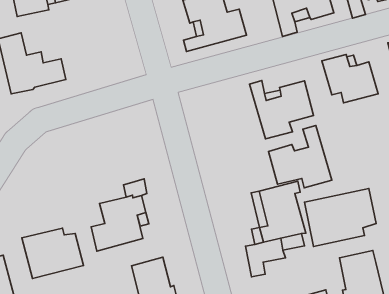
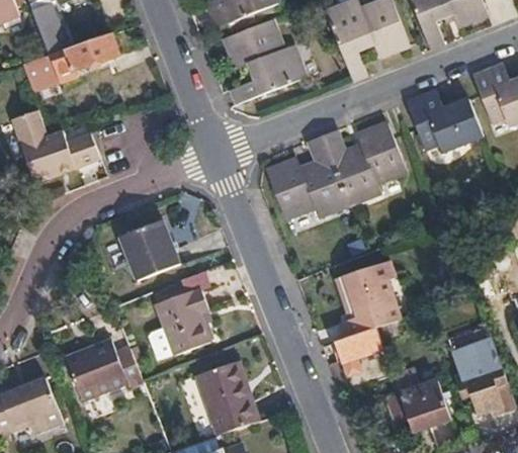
building: [269,125,332,188] -> [265,141,345,217]
building: none -> [119,216,181,276]
building: [305,188,376,247] -> none

